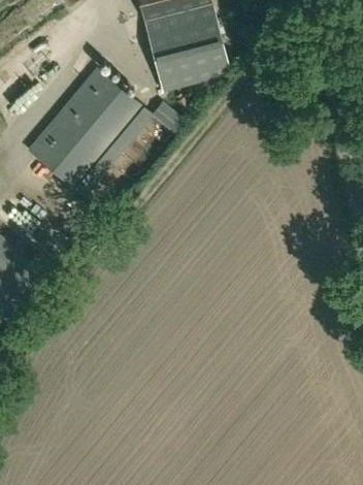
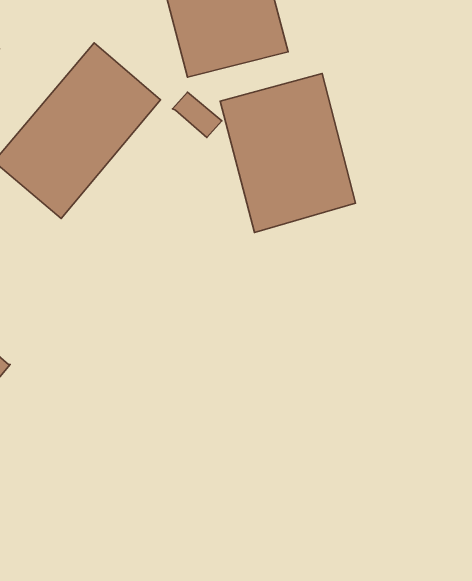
building: none -> [220,74,356,232]

